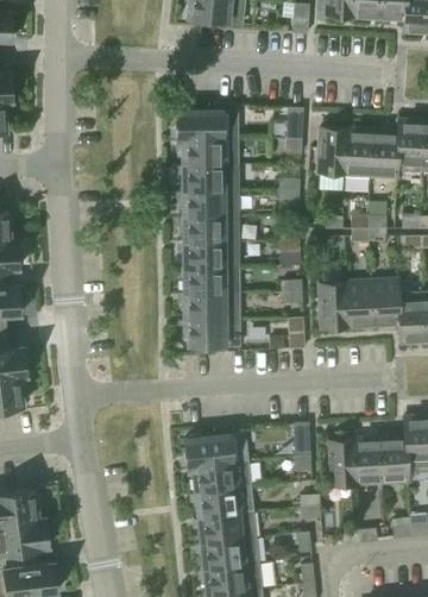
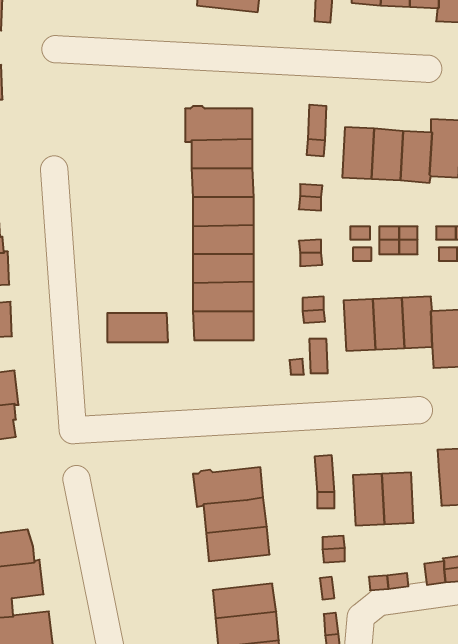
building: [184,320,239,346] -> [107,313,168,342]
building: [379,438,408,484] -> none
building: [197,513,254,545] -> none

